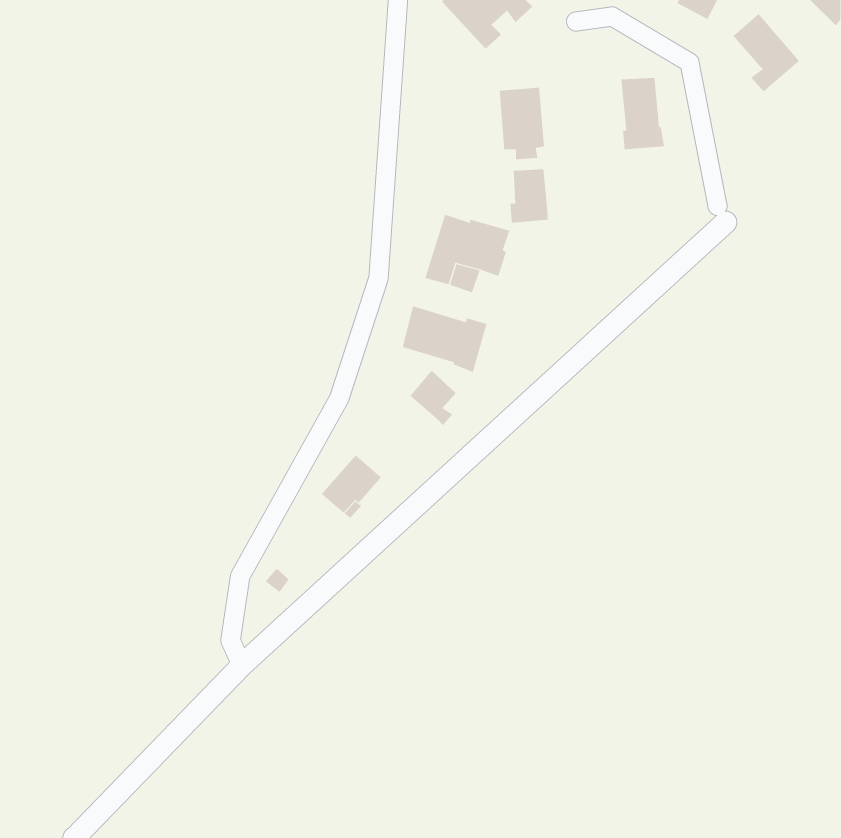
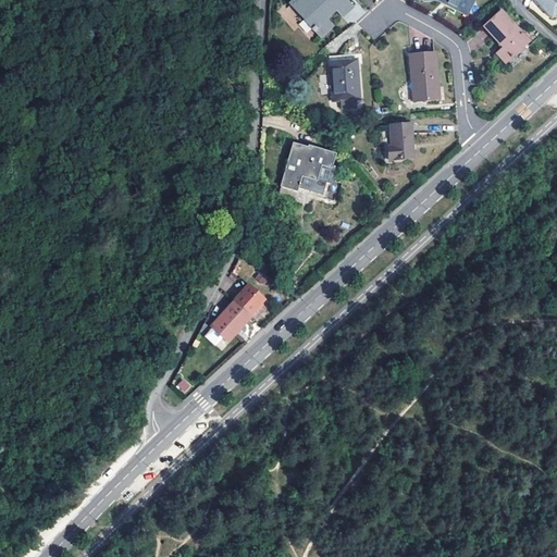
building: [509,169,549,223] -> [389,123,416,159]
building: [402,306,487,373] -> none
building: [409,370,456,426] -> [234,283,265,320]

